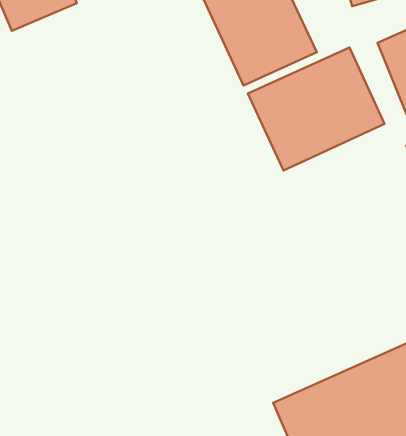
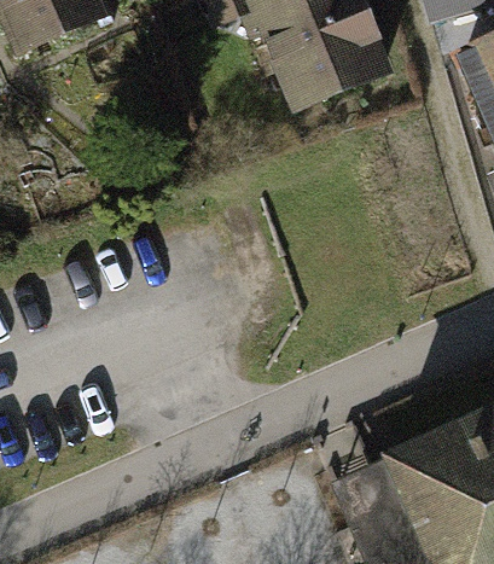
building: [248,47,384,170] -> none

